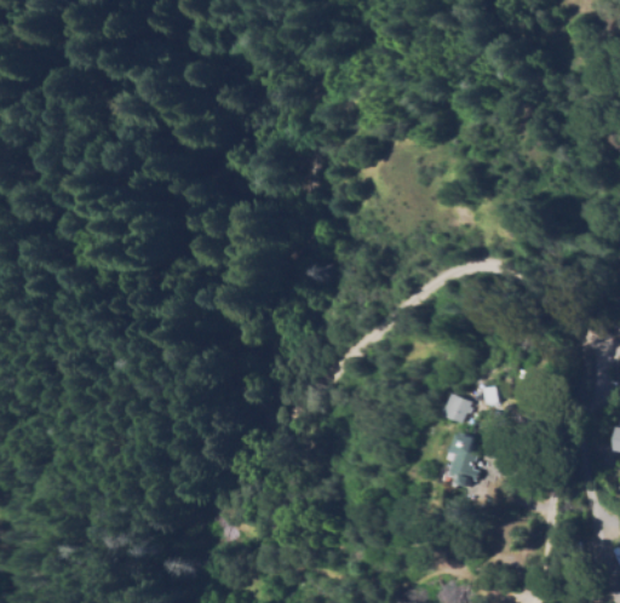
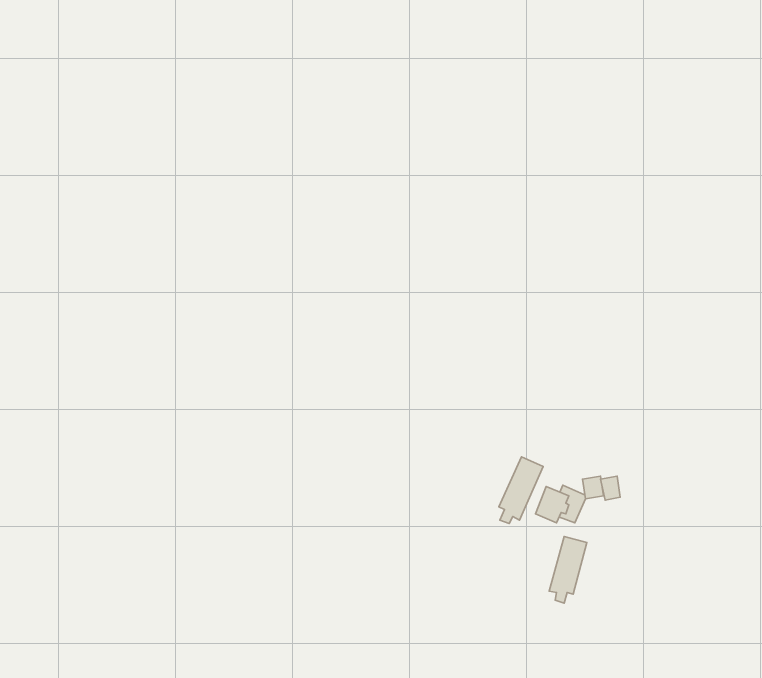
building: none -> [499,457,543,523]

